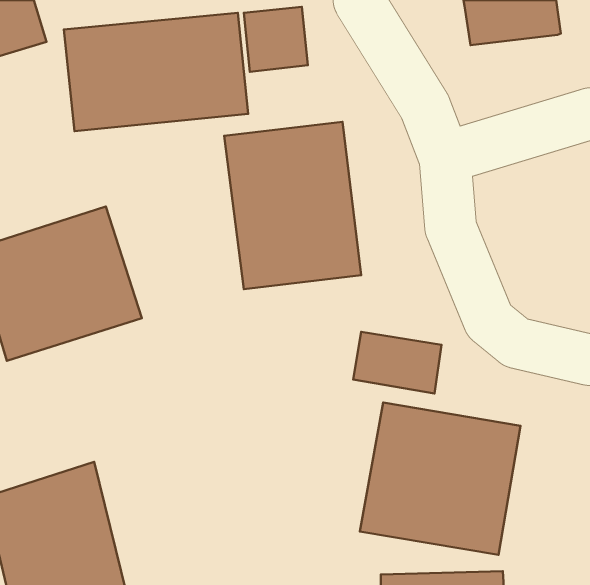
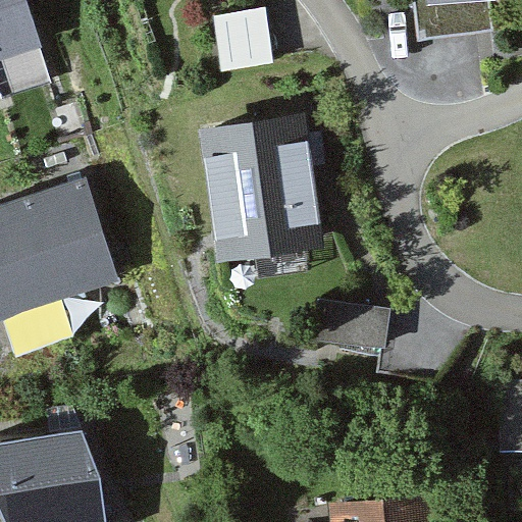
building: [64,13,248,131] -> none
building: [360,403,521,555] -> none

